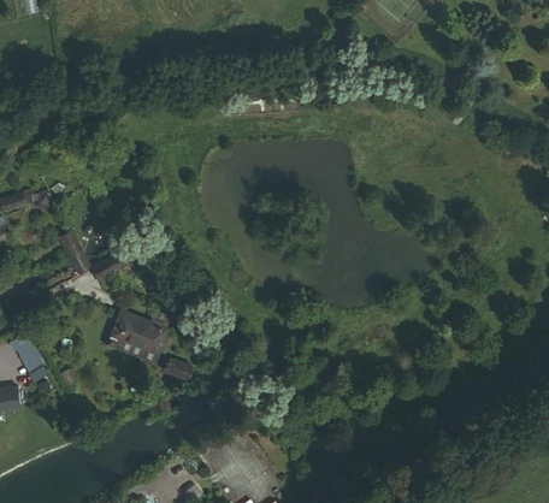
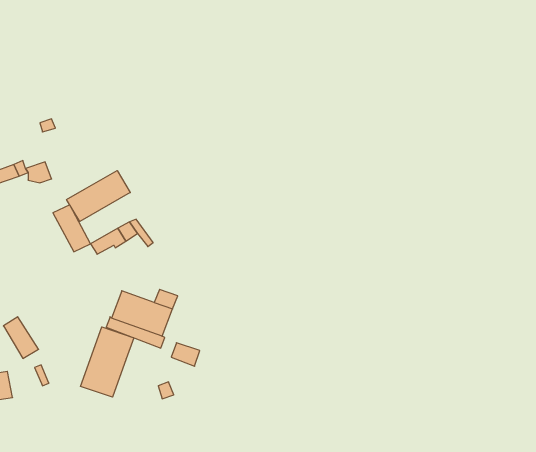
building: none -> [67,171,130,221]
building: none -> [80,327,134,397]

